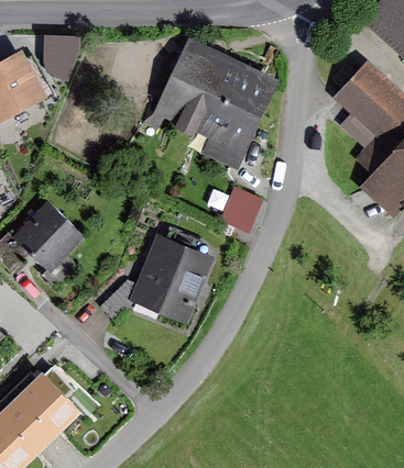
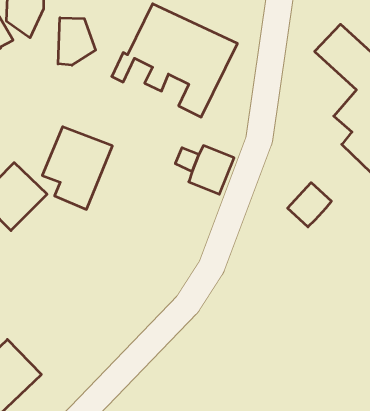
building: none -> [58,18,96,65]
building: none -> [288,183,331,227]
building: [141,239,209,320] -> [42,127,112,209]

